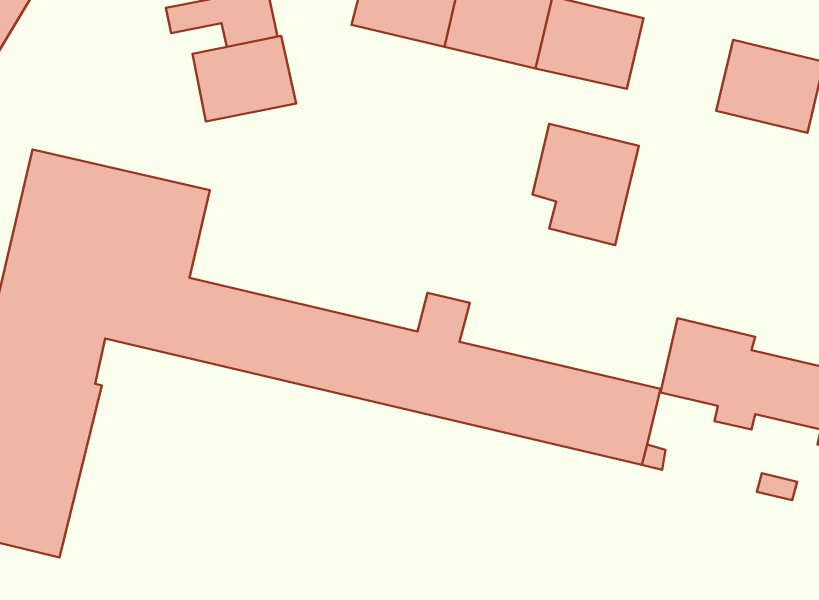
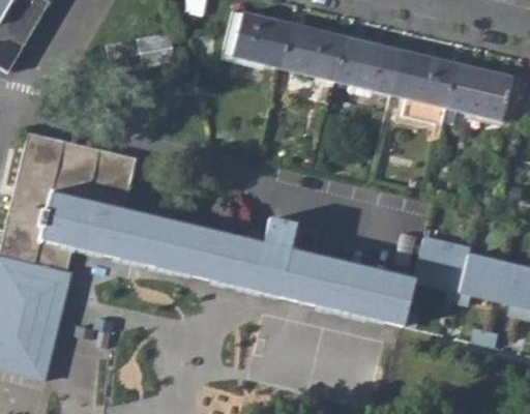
building: [192,36,296,121] -> none
building: [532,124,639,245] -> [391,50,457,124]

